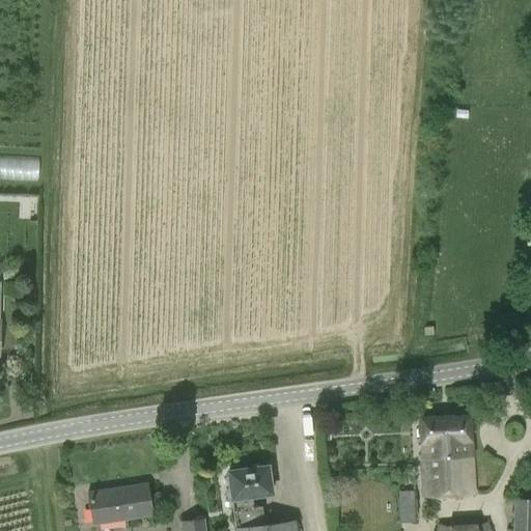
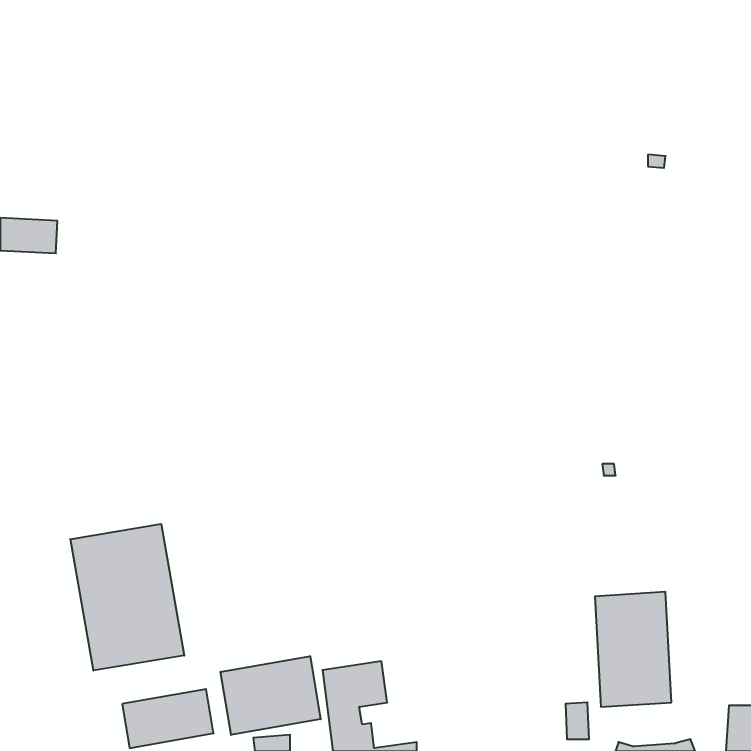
building: none -> [70,524,184,671]
building: none -> [221,656,321,735]

